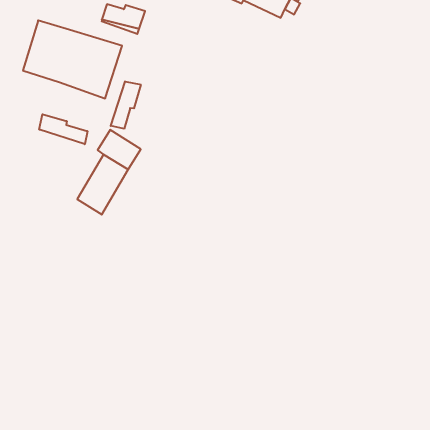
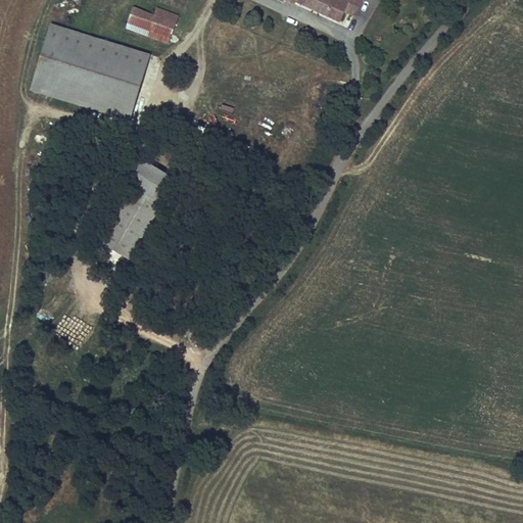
building: [111,81,141,129] -> none
building: [39,114,87,144] -> none

